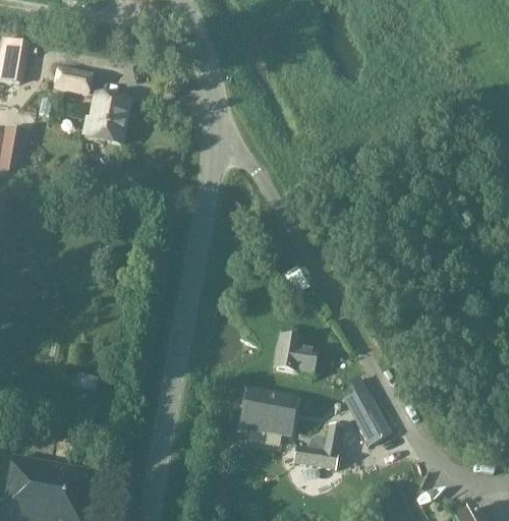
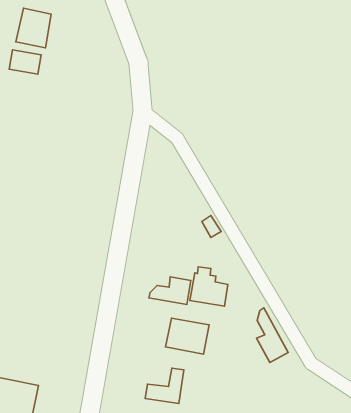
building: [84,94,127,141] -> [16,8,51,48]
building: none -> [149,277,191,304]
building: [293,426,340,469] -> [145,368,184,403]

